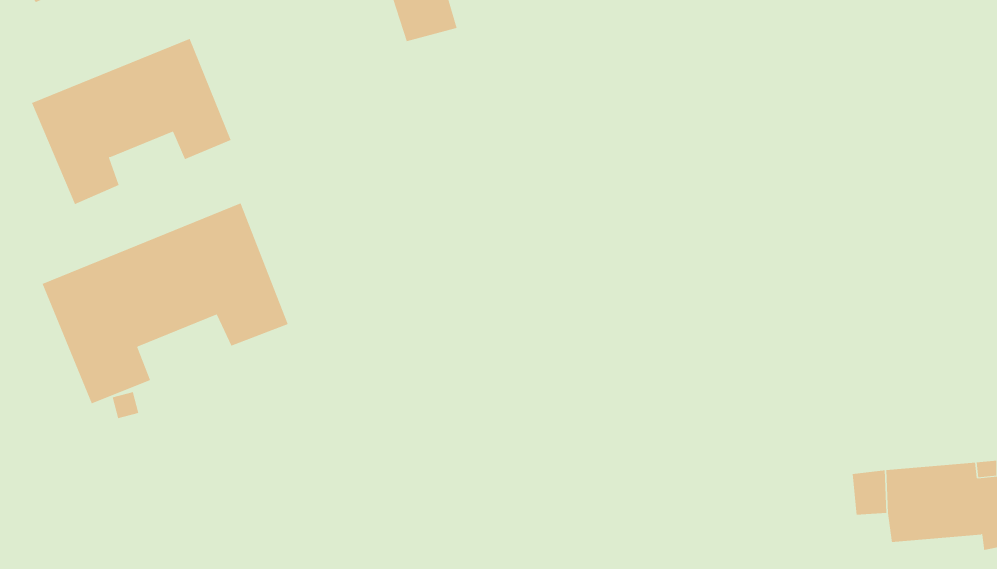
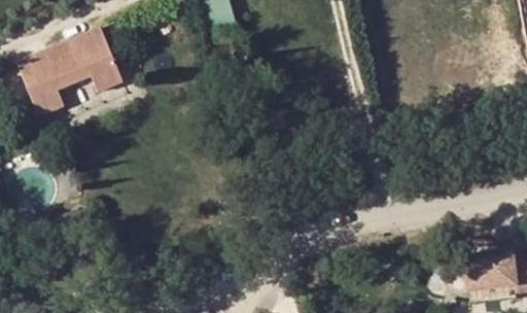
building: [42,202,289,404] -> none

